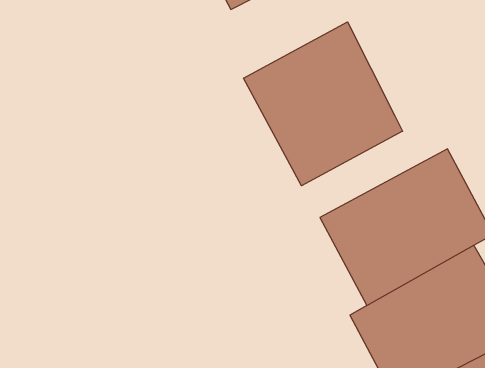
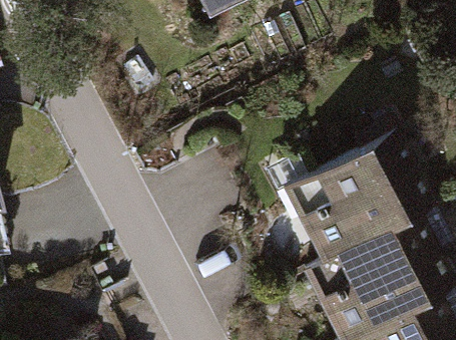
building: [244,22,403,186] -> none

